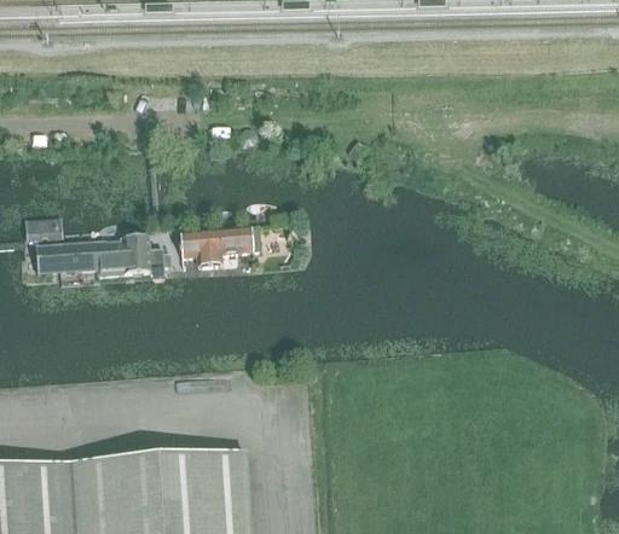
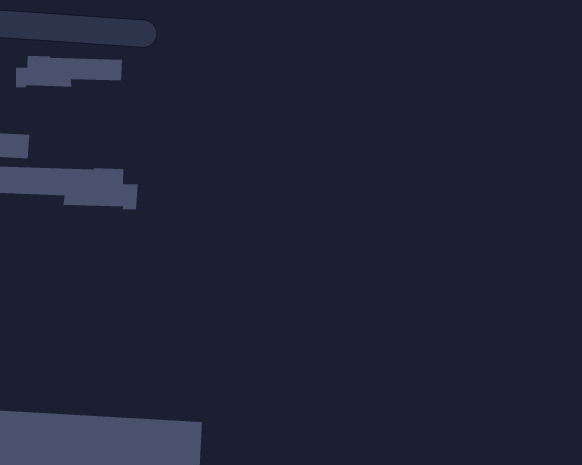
building: none -> [15,55,122,88]
building: [177,227,260,266] -> none

